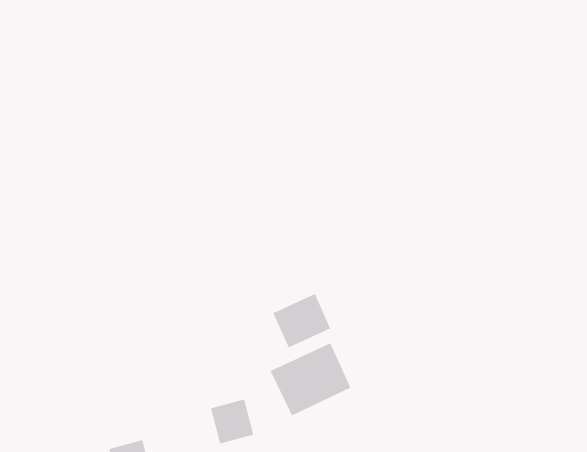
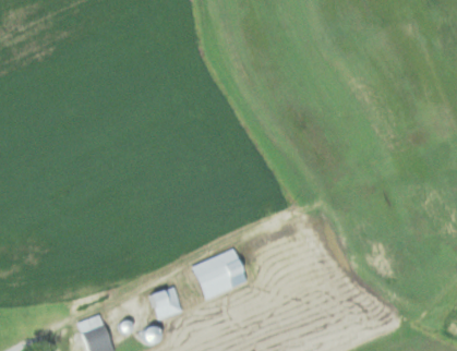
building: [272,293,331,348] -> none

